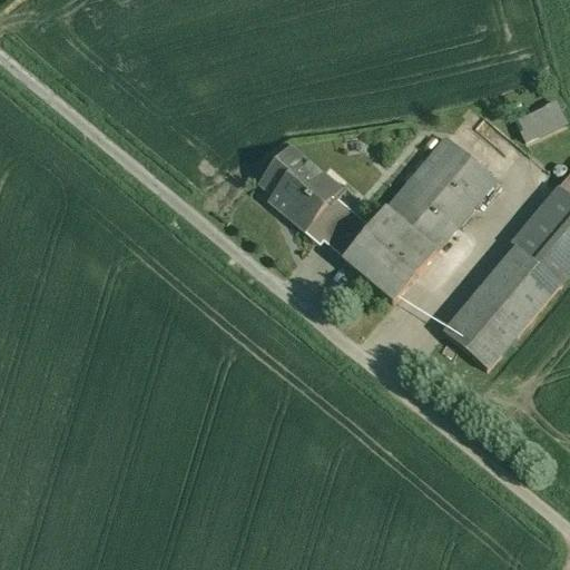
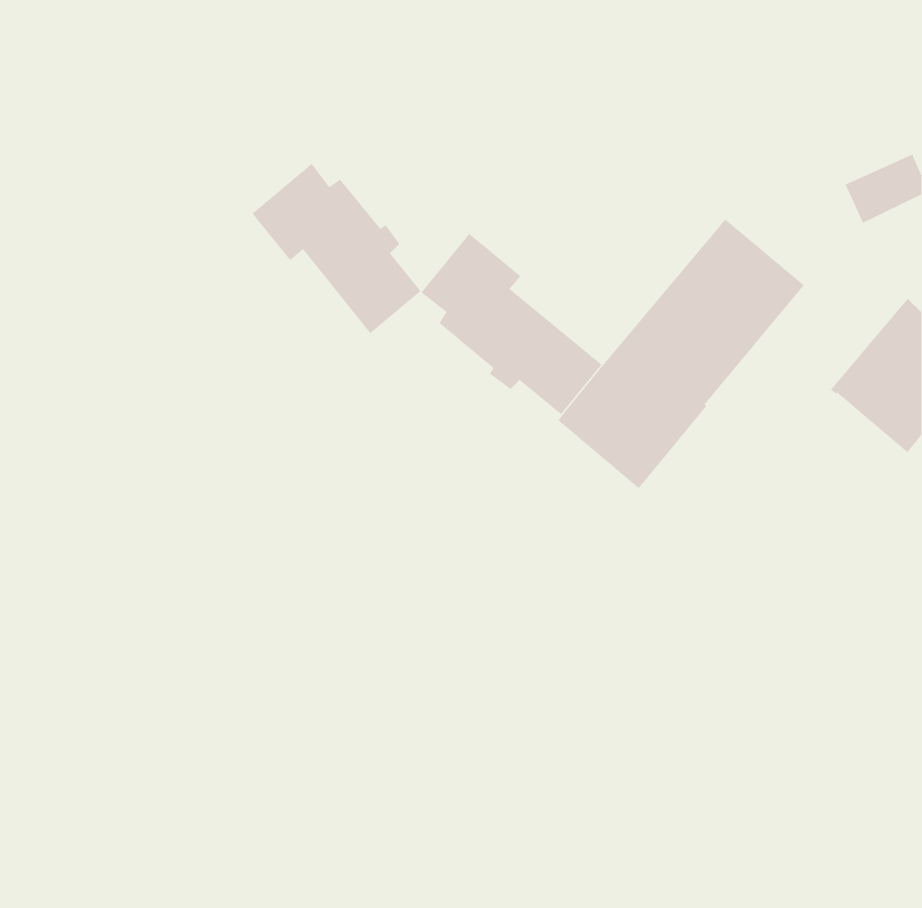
building: none -> [251,163,421,334]
building: [444,243,560,365] -> none

